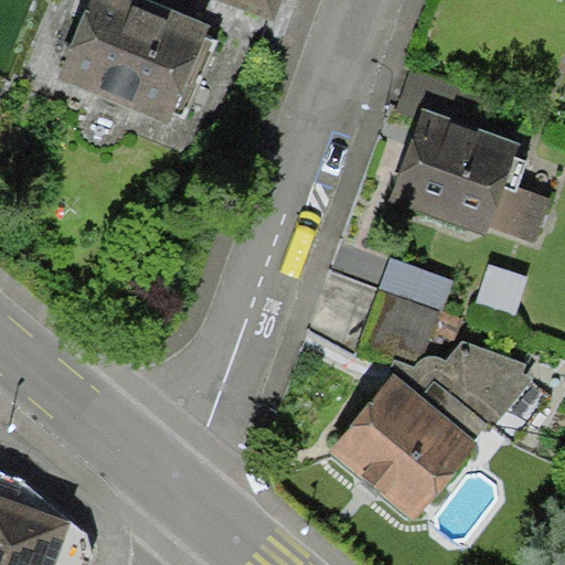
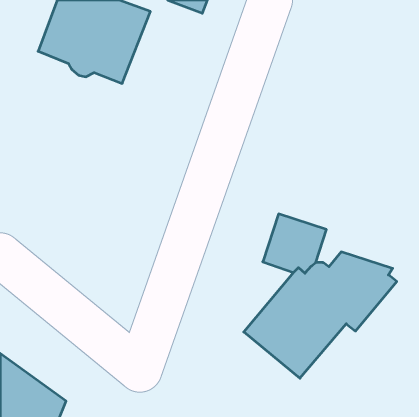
building: [391,110,551,245] -> none

